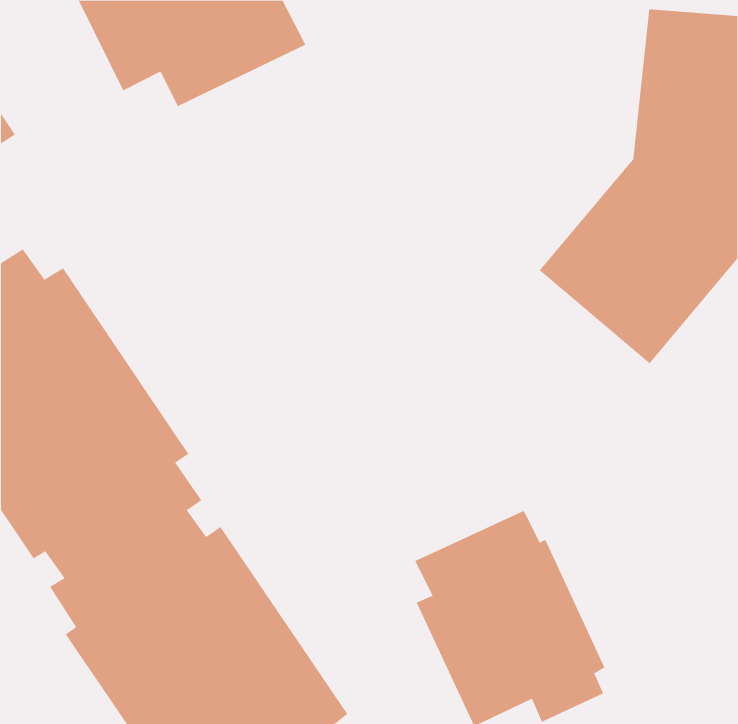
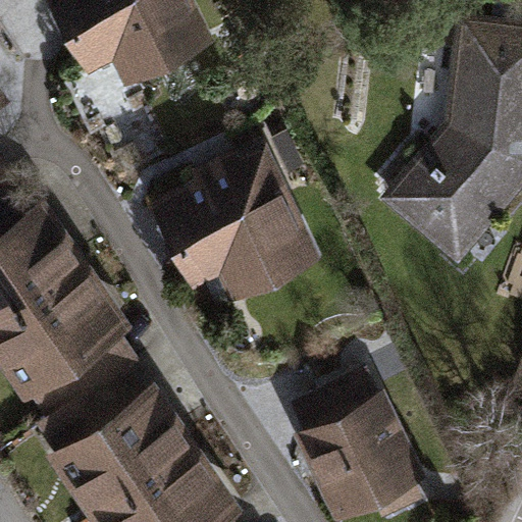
building: none -> [150,144,318,299]

